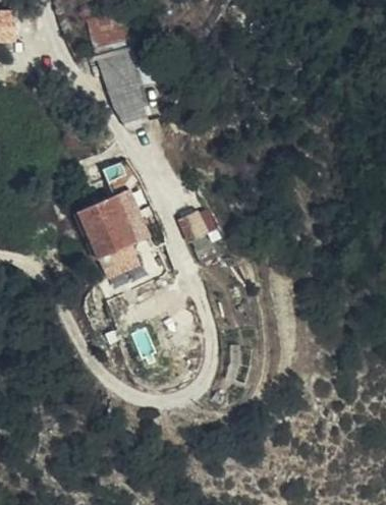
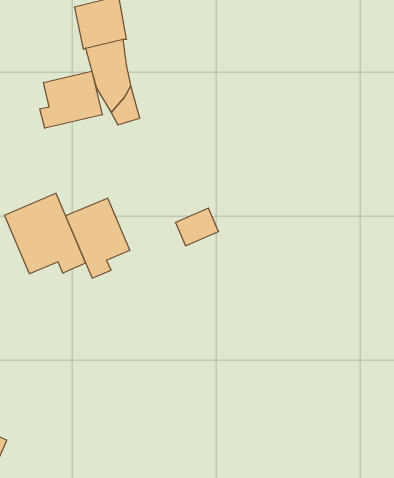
building: none -> [40,71,102,128]
building: none -> [5,193,86,274]

